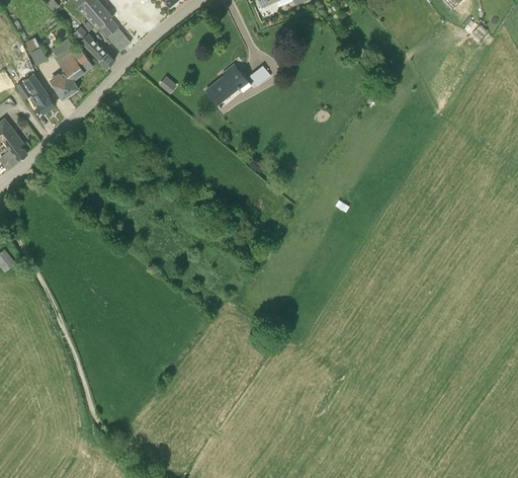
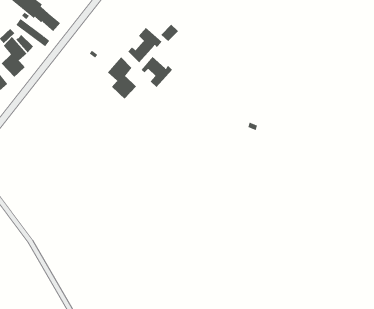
building: none -> [107,56,137,100]
building: none -> [141,56,173,88]

